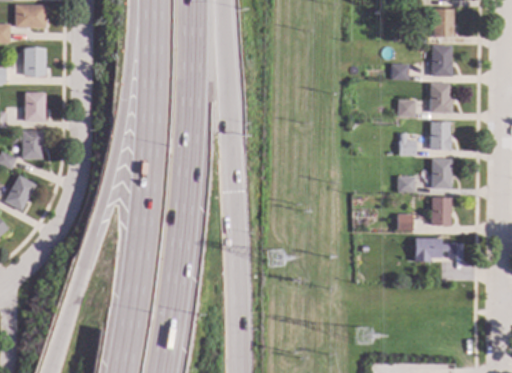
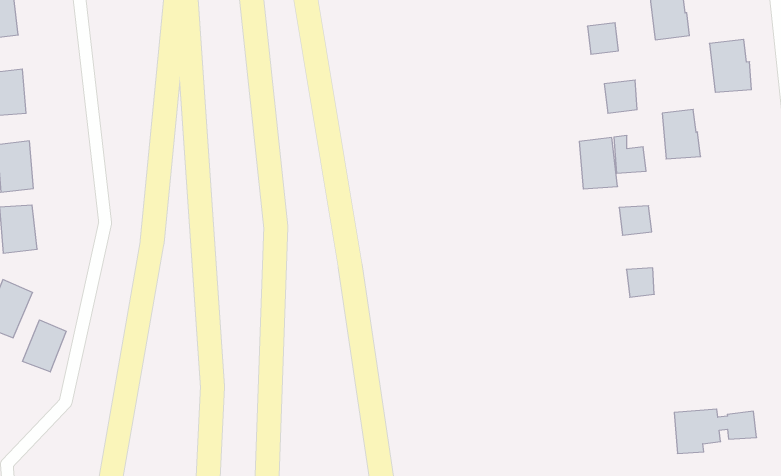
building: [430,82,453,113] -> [709,39,751,92]
building: [431,159,452,189] -> [579,138,618,189]
building: [431,198,452,225] -> none
building: none -> [23,320,66,372]
building: [415,237,464,263] -> [674,409,757,453]

